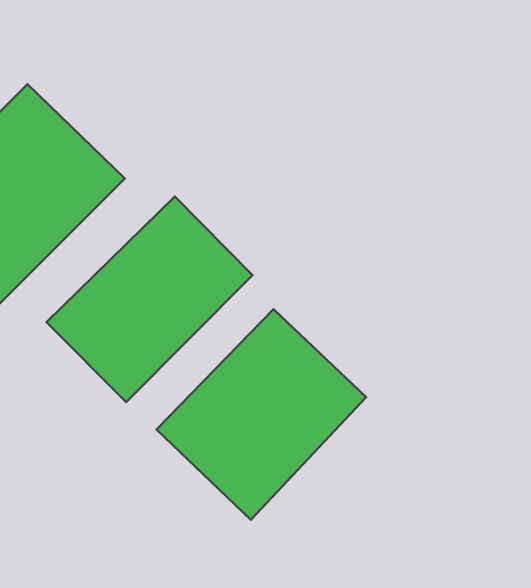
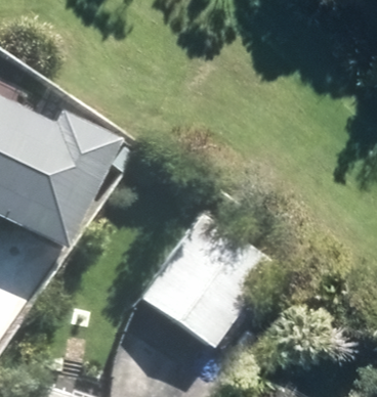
building: [47,197,252,402] -> none

